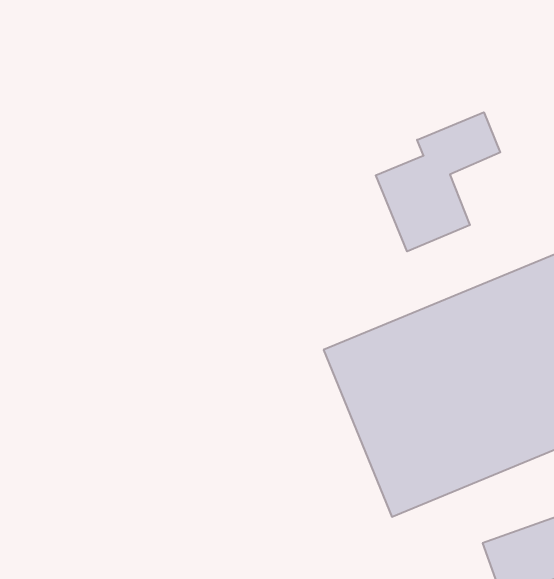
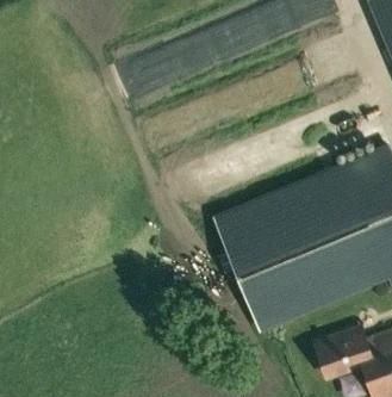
building: [376,112,500,251] -> none

